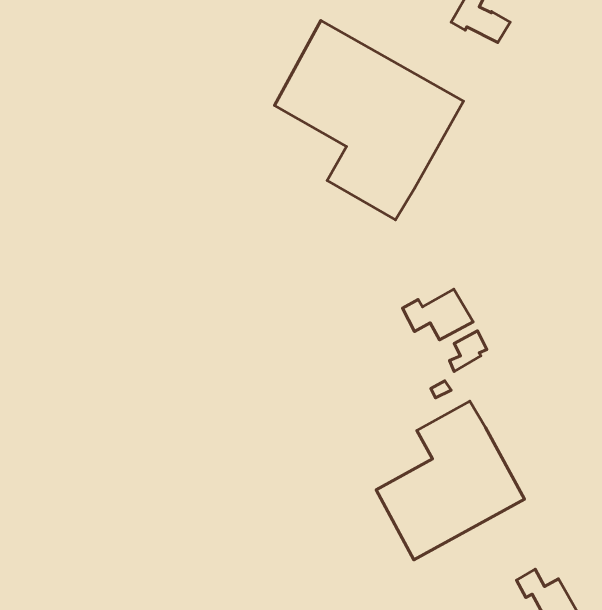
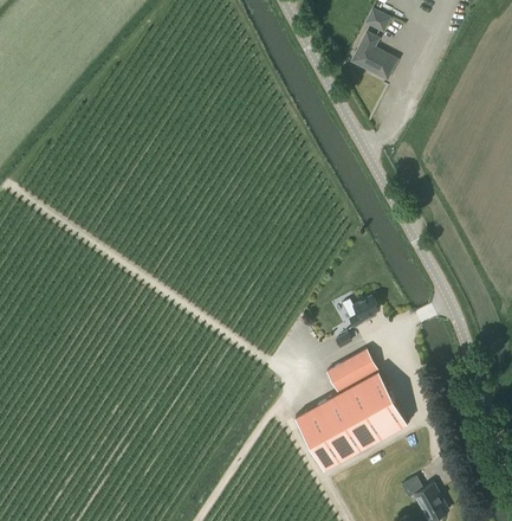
building: [274,20,463,220] -> none
building: [402,289,473,340] -> none

